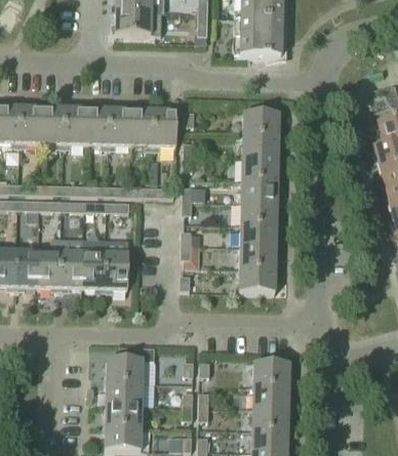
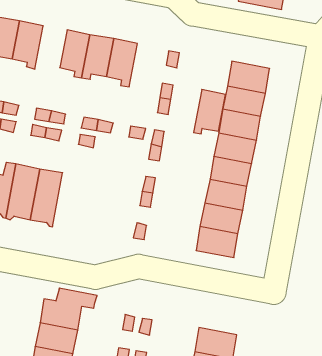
building: [64,107,87,148] -> none
building: [153,109,176,150] -> [194,89,226,134]
building: [104,239,128,291] -> none

